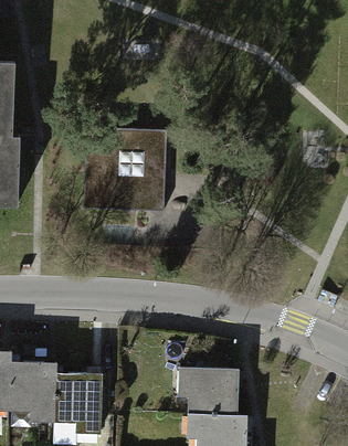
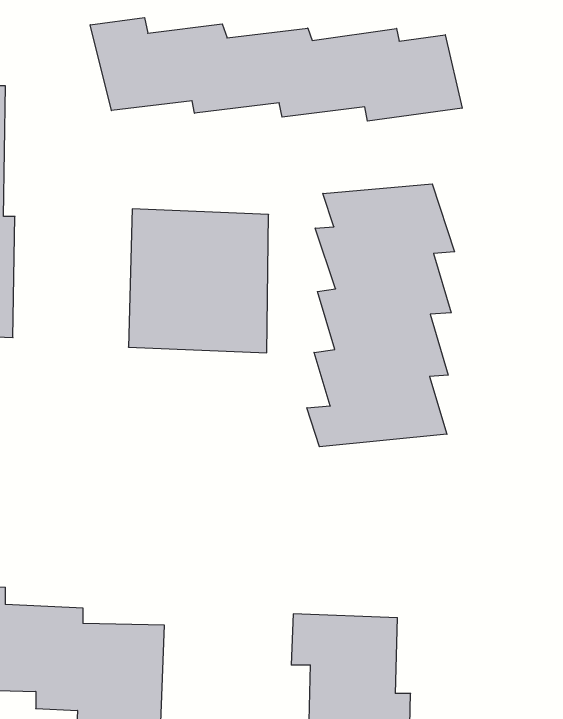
building: none -> [90,18,462,121]
building: none -> [307,184,455,447]

